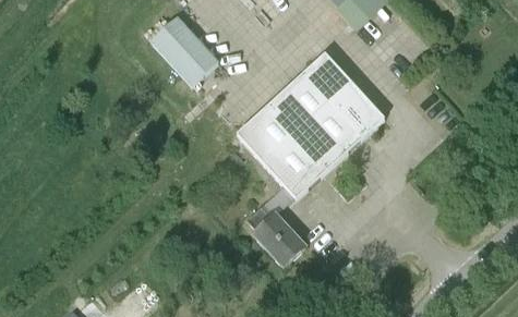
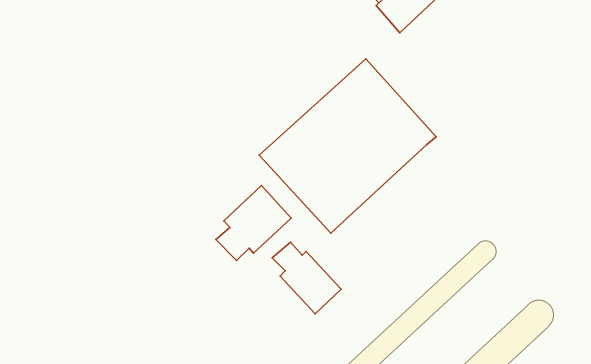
building: [149,15,218,86] -> none
building: none -> [216,186,291,260]

